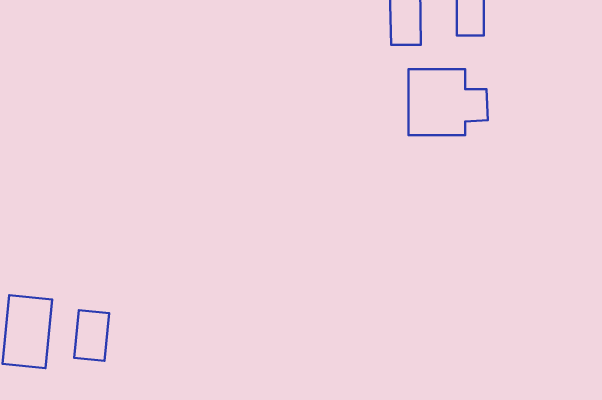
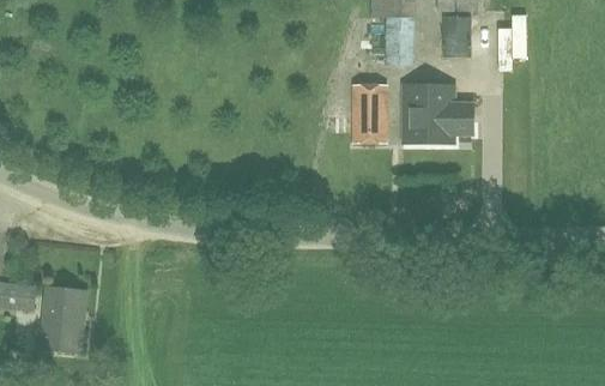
building: none -> [352,84,387,140]
building: [74,310,109,361] -> none

